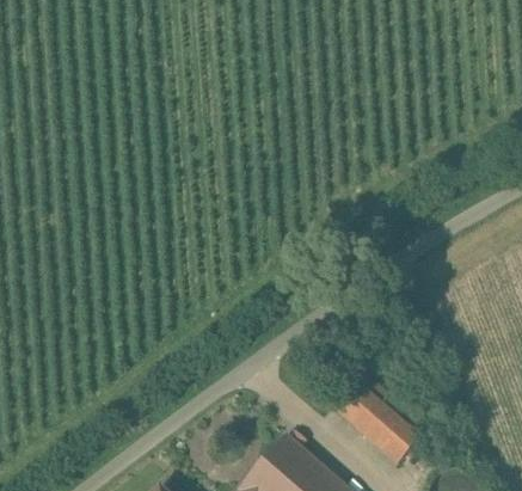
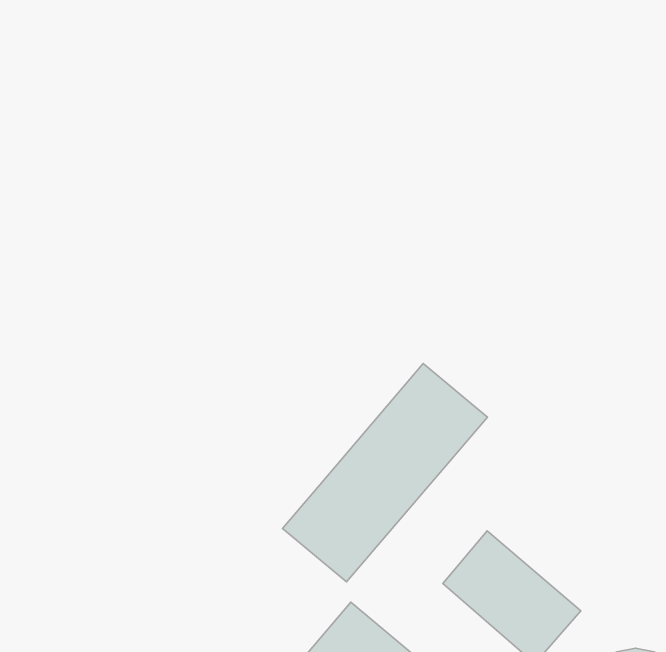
building: none -> [282,364,487,582]

